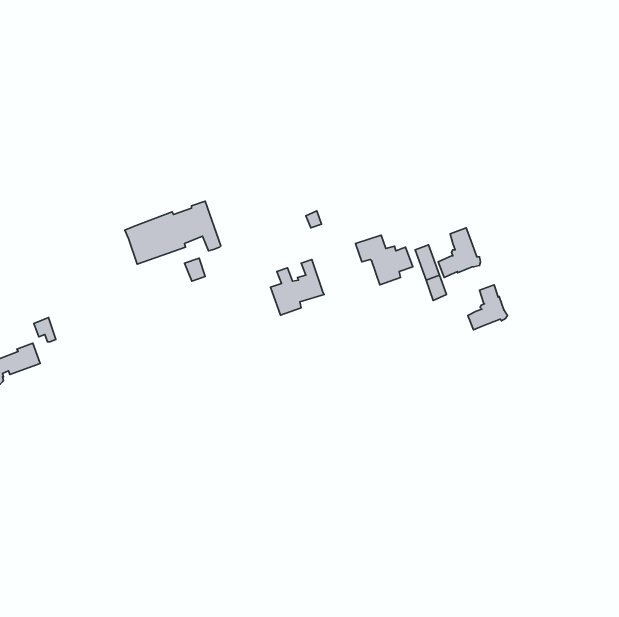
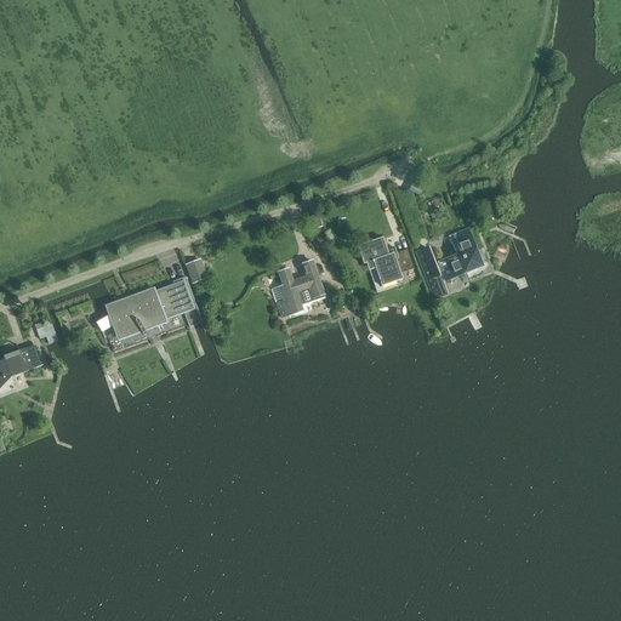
building: [125,201,221,264] -> [104,275,200,338]
building: [468,285,507,330] -> none

